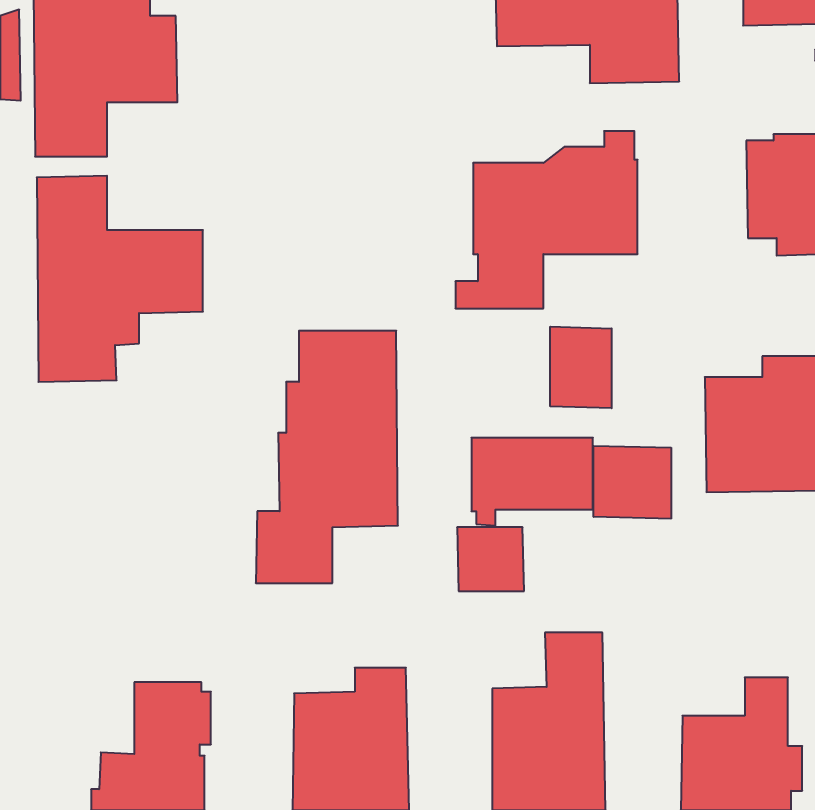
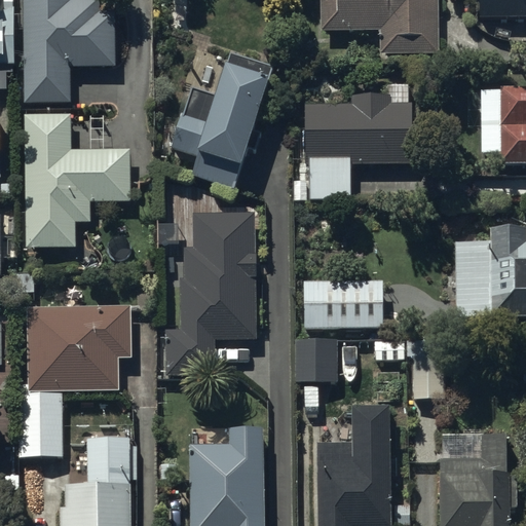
building: none -> [172,52,274,189]
building: [550,327,612,408] -> none
building: [594,446,671,519] -> none
building: none -> [20,305,130,456]

